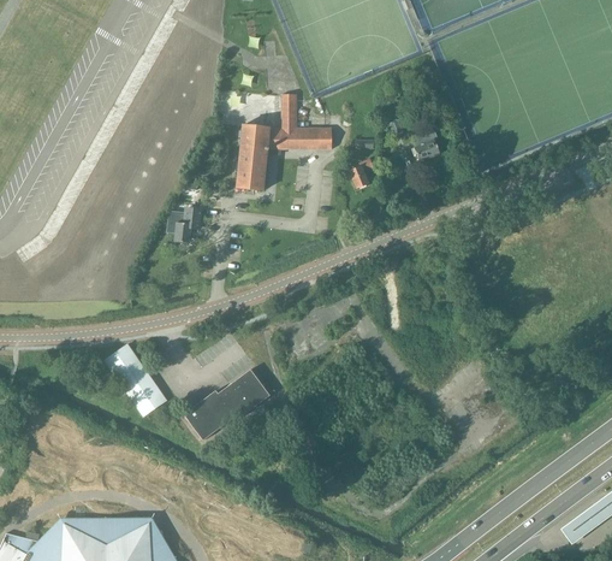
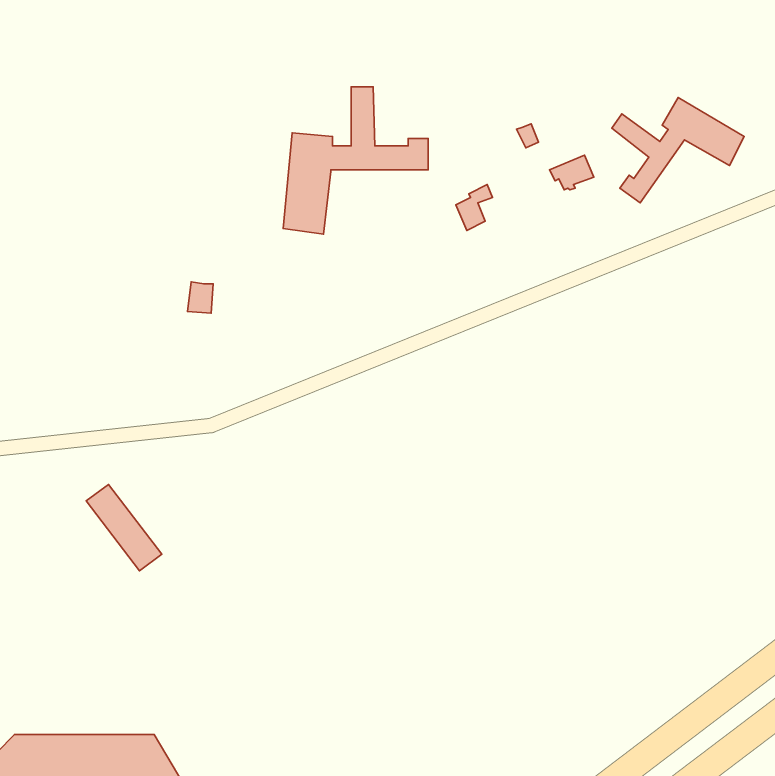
building: none -> [612,97,744,203]
building: [184,370,271,441] -> none

